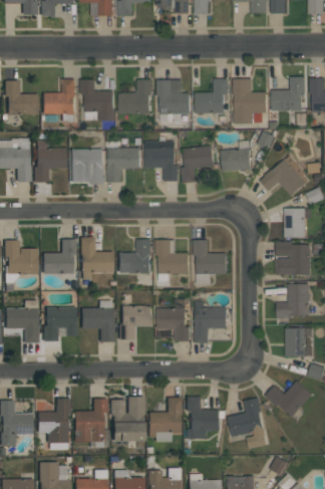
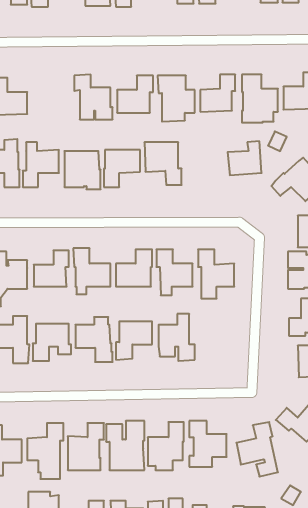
building: [42,78,75,123] -> none
building: [182,145,215,183] -> none
building: [195,300,227,342] -> none

